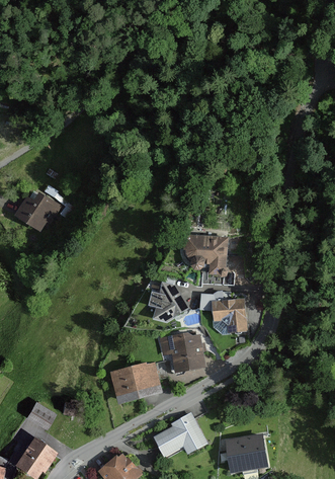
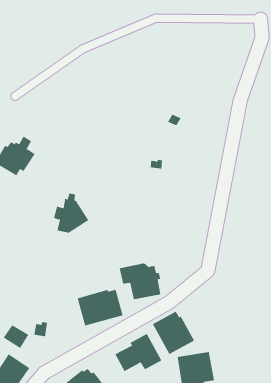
building: [184,234,229,276] -> none
building: [149,275,190,322] -> [53,193,89,233]
building: [200,291,248,334] -> none
building: none -> [152,311,195,355]

